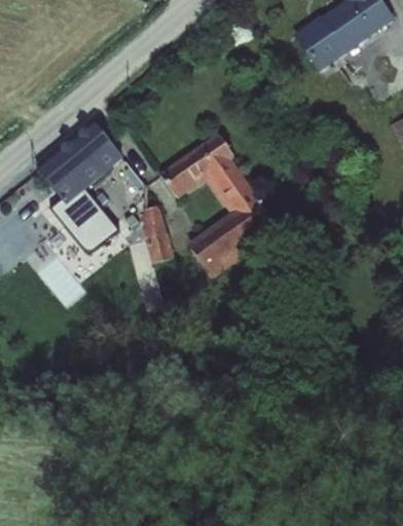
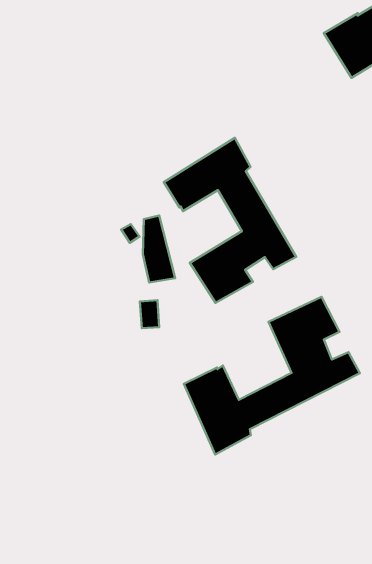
building: [35,119,123,256] -> none
building: none -> [184,297,360,455]

